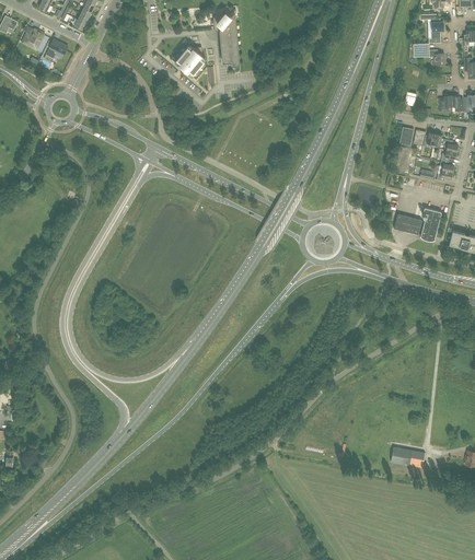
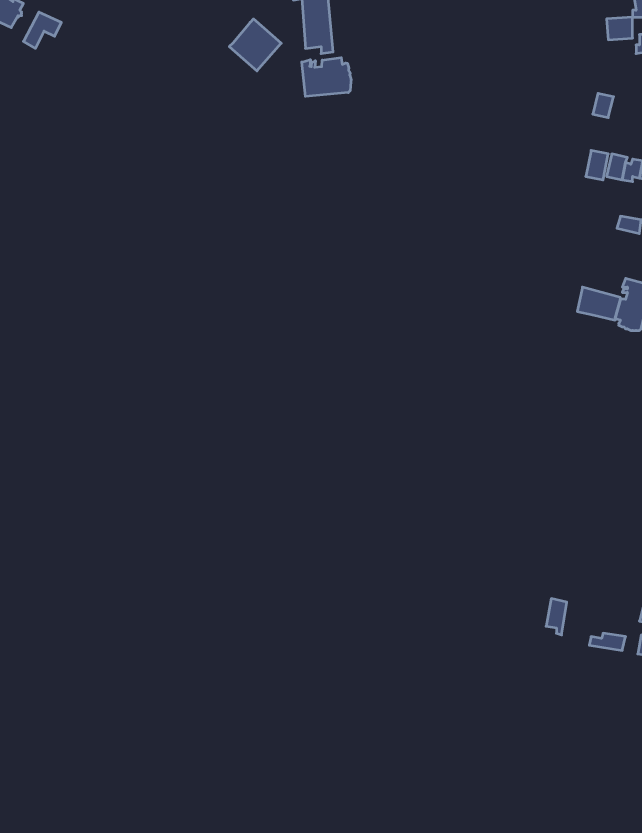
building: none -> [302,58,351,96]
building: [391,446,425,467] -> none

